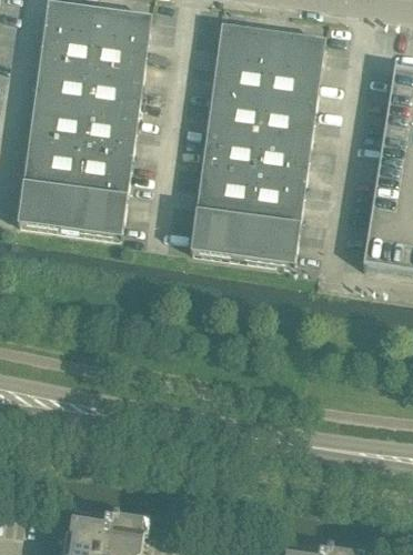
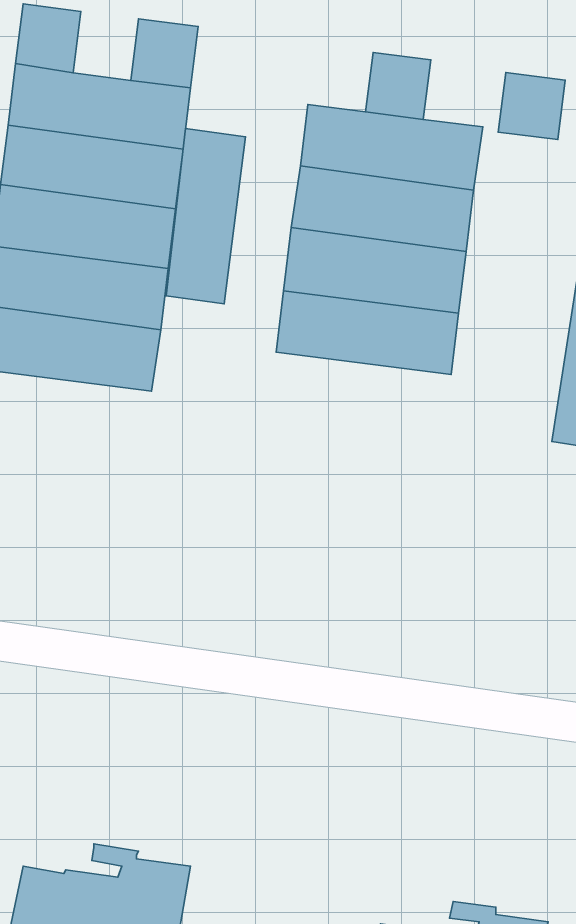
building: [75,8,114,49] -> none
building: [215,27,254,68] -> none
building: [284,37,324,77] -> [498,73,565,140]
building: none -> [166,129,245,304]
building: [192,211,301,261] -> none

